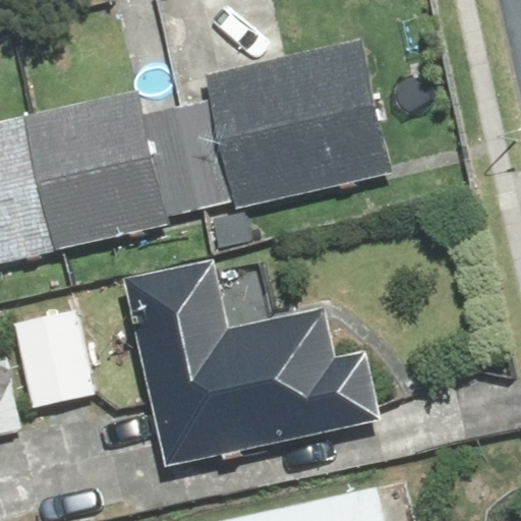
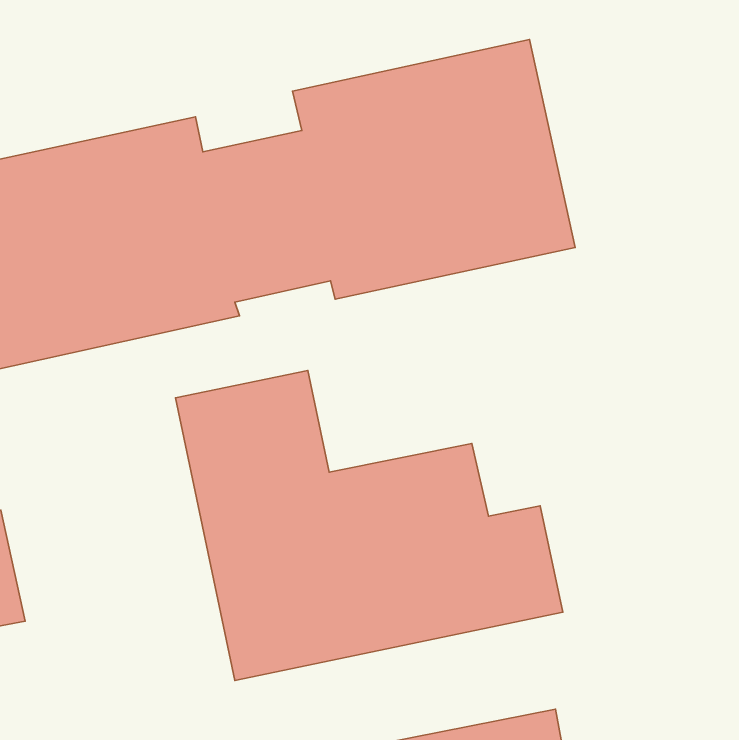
building: [12,307,95,405] -> none

